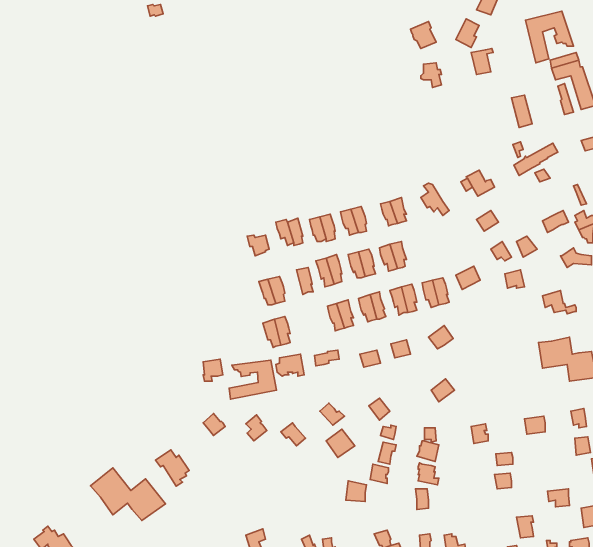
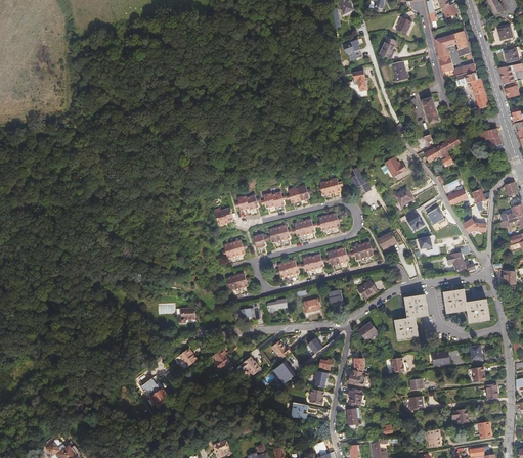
building: none -> [395,295,428,340]
building: [229,360,276,399] -> none
building: [90,468,166,521] -> none

